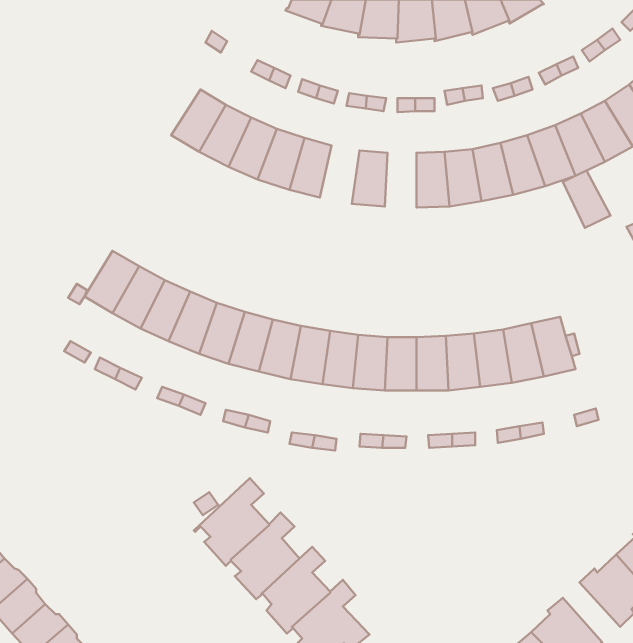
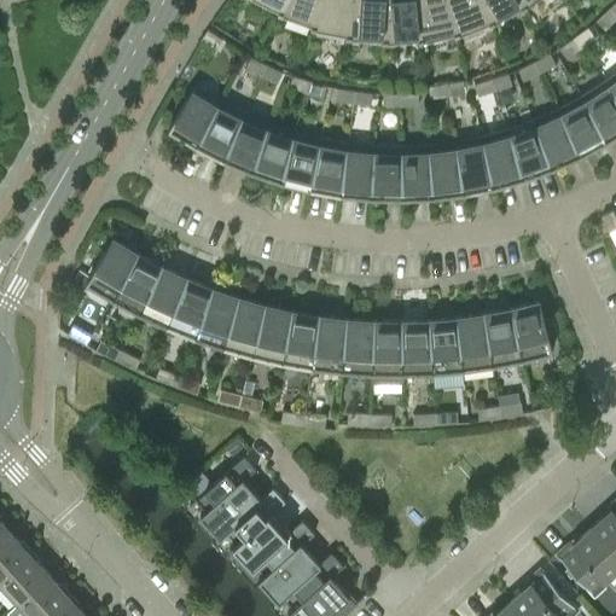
building: none -> [309,140,347,196]
building: none -> [371,147,401,199]
building: [563,171,610,228] -> none

